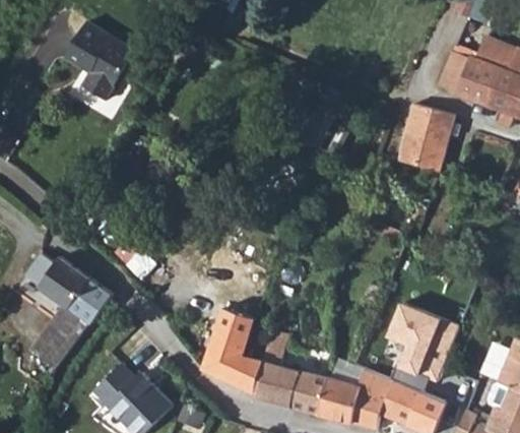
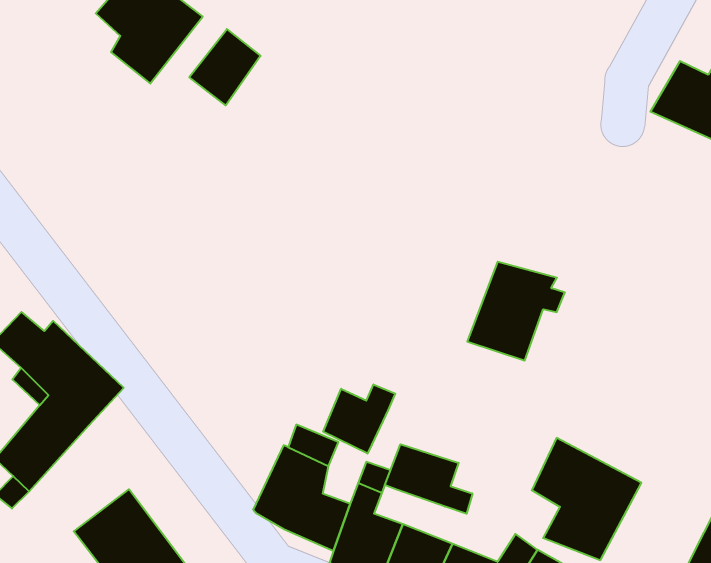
building: none -> [189,29,261,105]
building: [400,109,461,172] -> [467,262,565,361]
building: none -> [323,384,395,454]
building: none -> [385,444,472,514]

